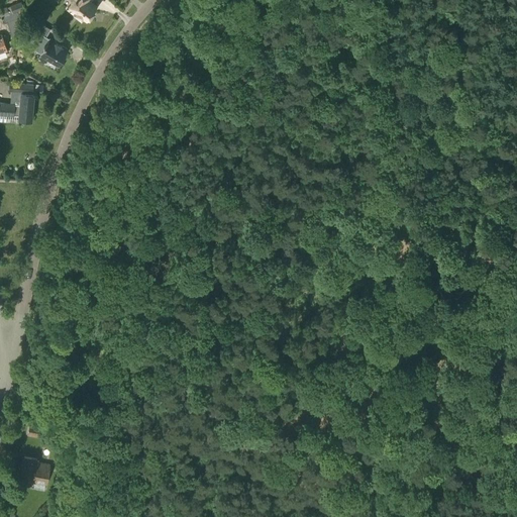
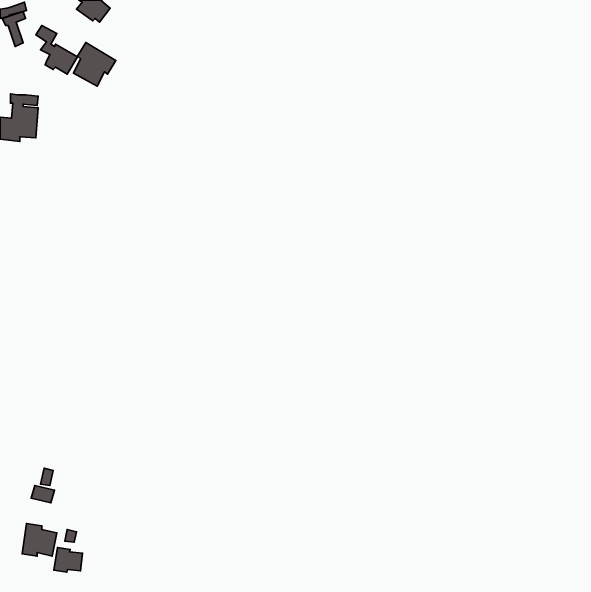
building: none -> [73,42,116,86]
building: none -> [54,548,82,572]

